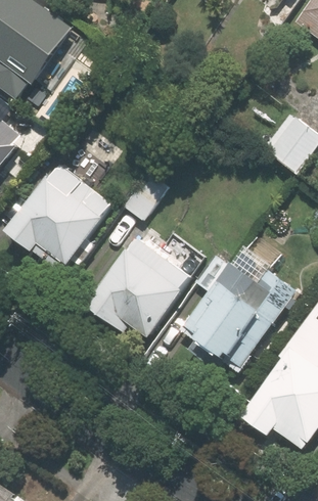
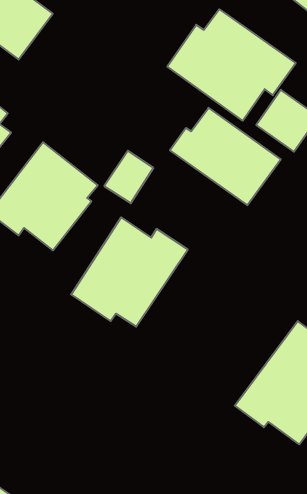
building: none -> [167,9,296,121]
building: none -> [170,108,281,205]
building: [178,240,297,375] -> none

